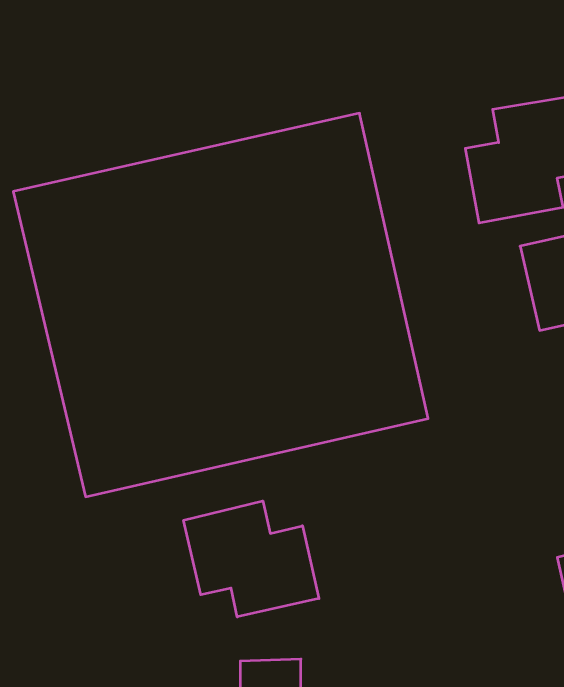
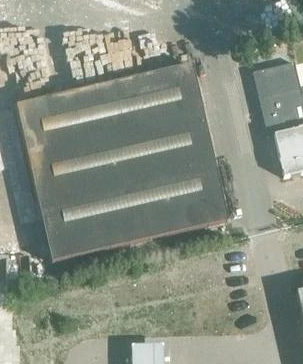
building: [184,501,319,617] -> none

